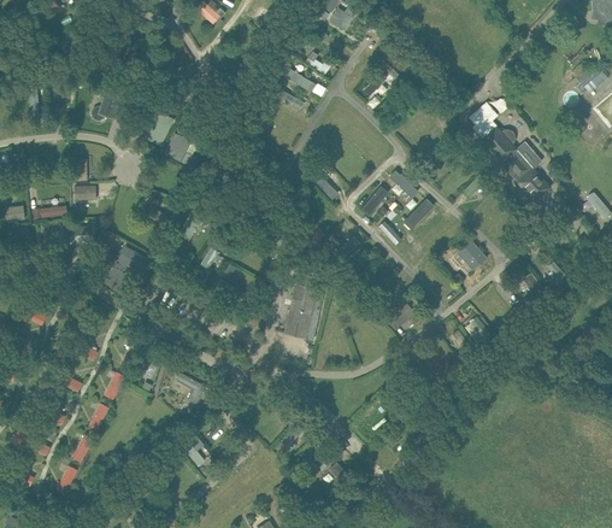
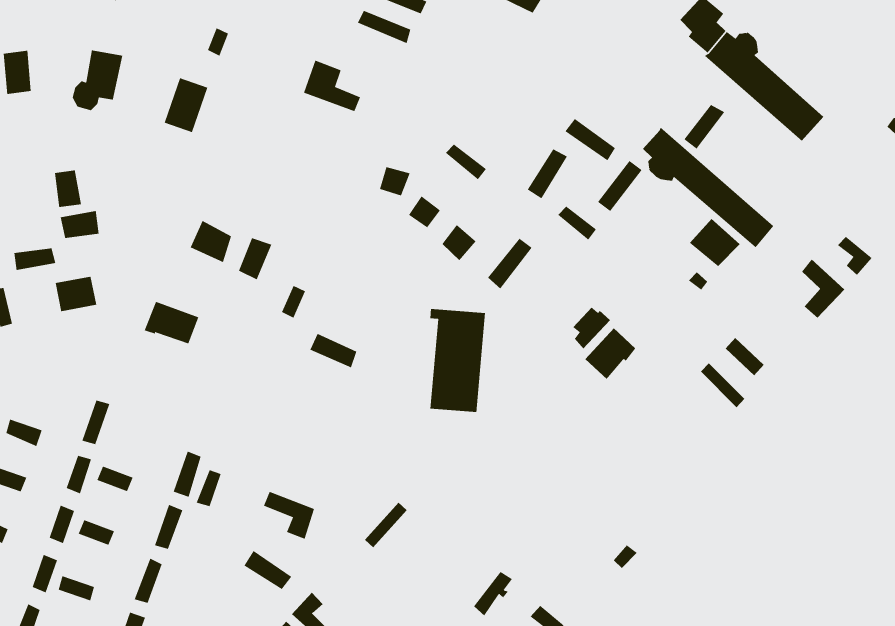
building: [165,134,200,169] -> [303,60,361,112]
building: none -> [642,126,774,248]

